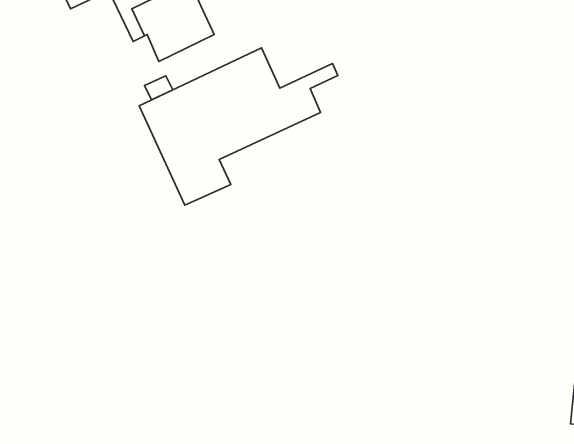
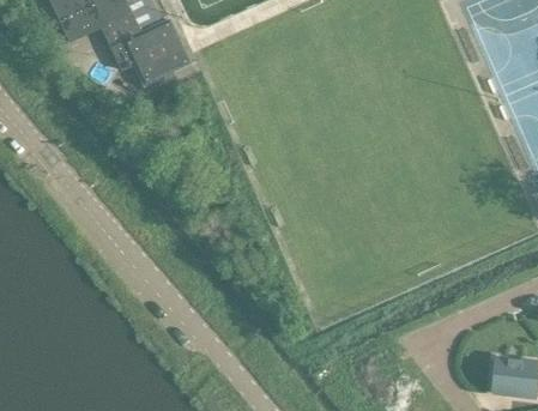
building: [139,48,338,205] -> none

